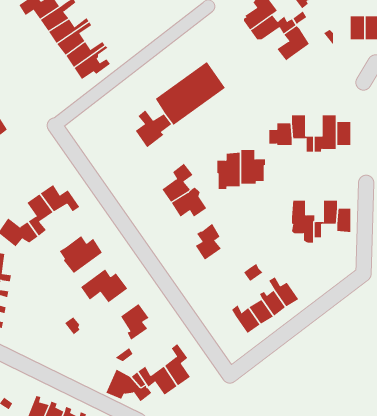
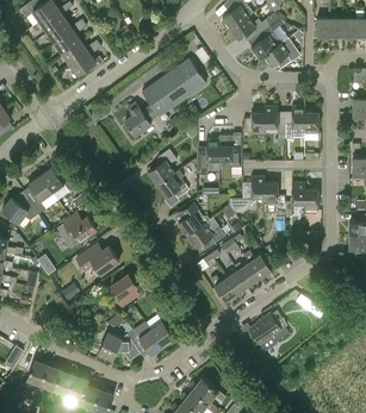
building: none -> [263,37,300,65]
building: none -> [229,176,265,212]
building: none -> [186,218,224,248]
building: none -> [249,313,289,355]

